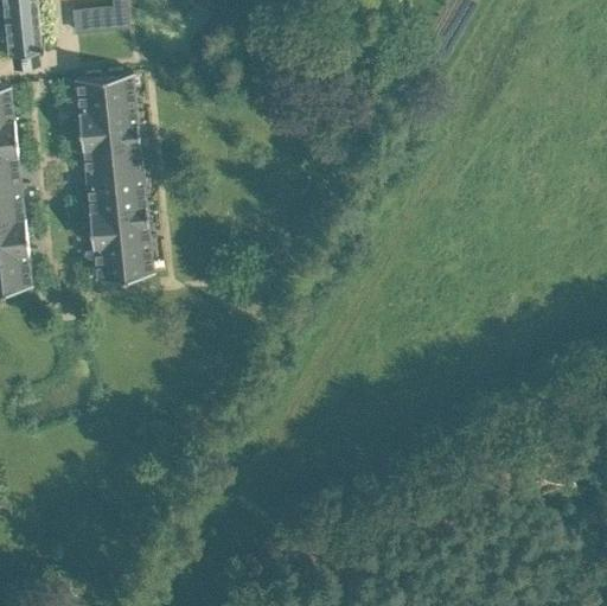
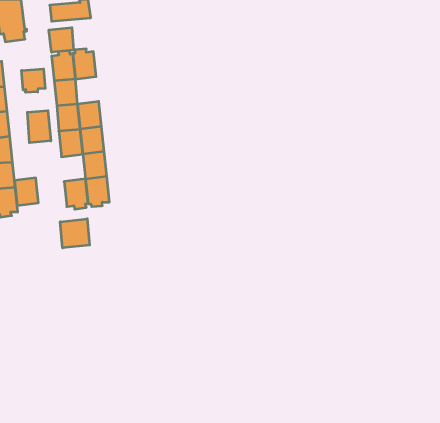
building: none -> [49,28,74,52]
building: none -> [22,69,45,92]
building: [108,106,139,142] -> none
building: none -> [27,111,51,143]
building: [89,209,121,245] -> [14,178,38,206]
building: none -> [60,219,90,248]

